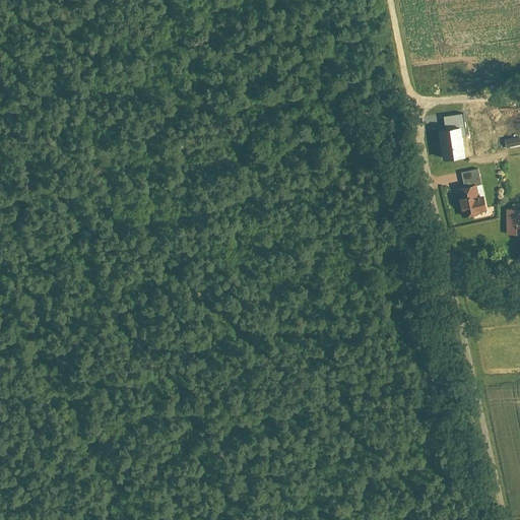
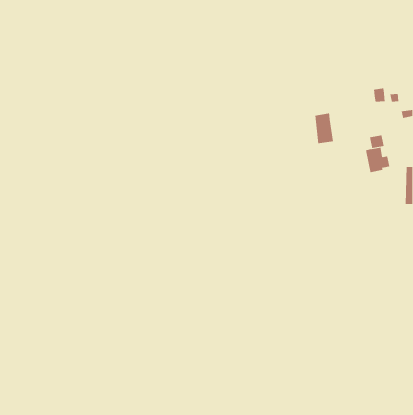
building: [441,121,465,159] -> [314,113,334,144]

